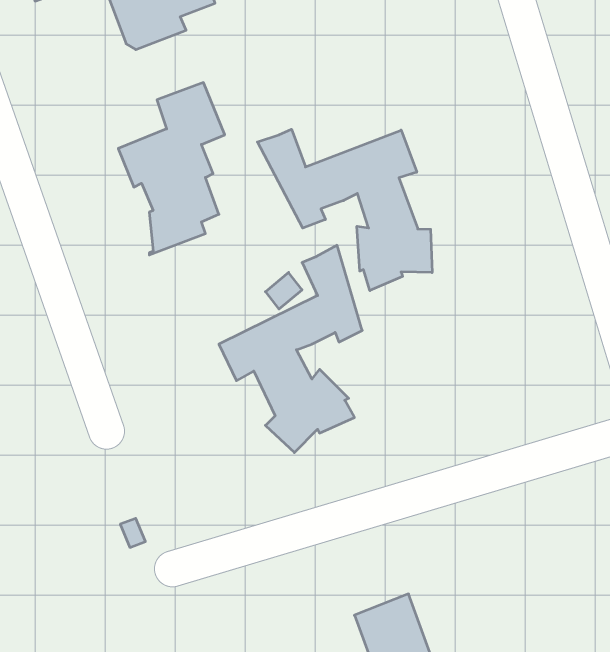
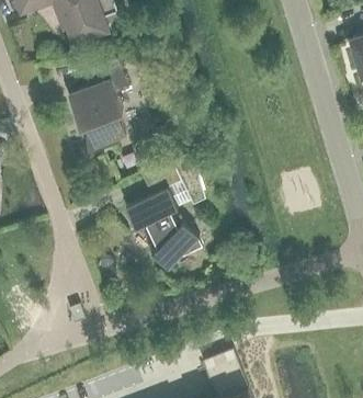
building: [257,129,432,291] -> none

